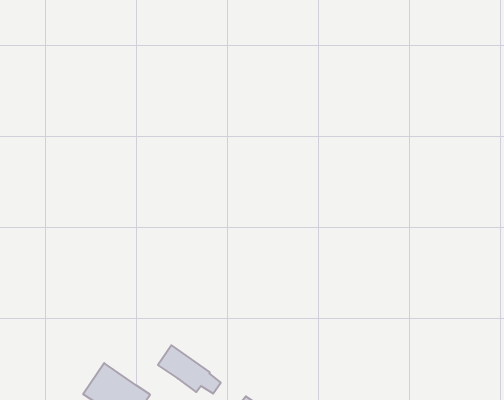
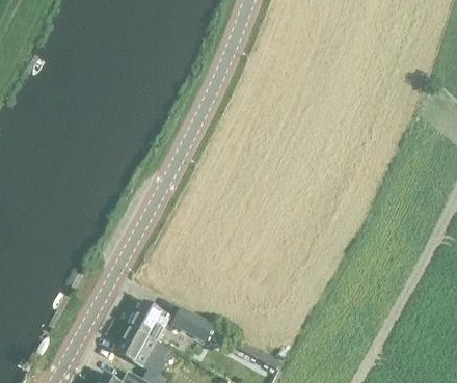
building: none -> [130,301,171,341]

